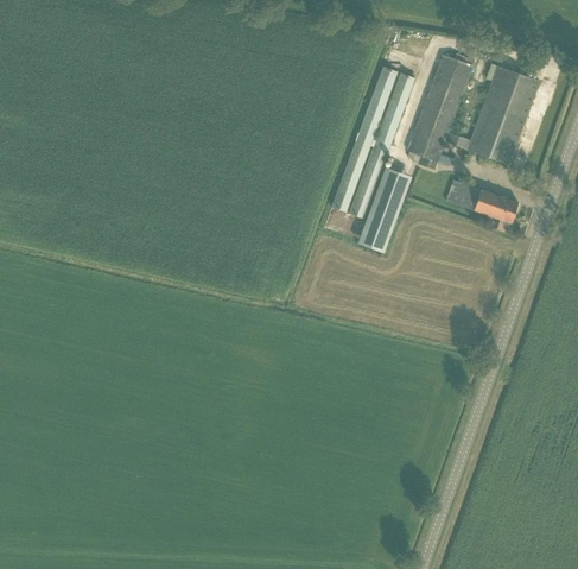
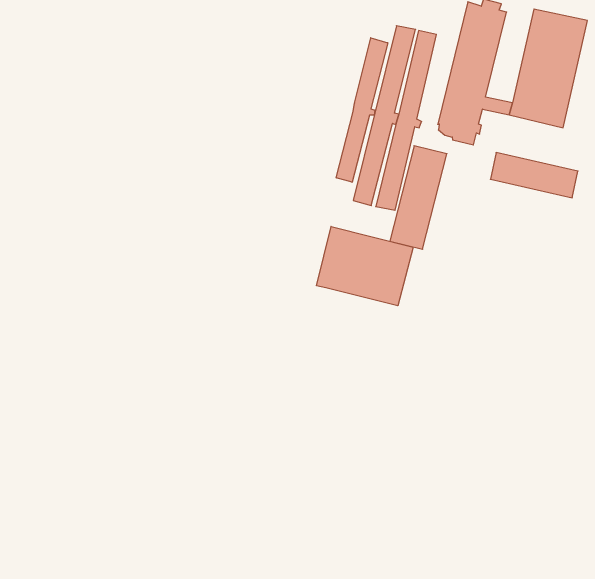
building: none -> [336,38,388,182]
building: none -> [317,226,413,306]

